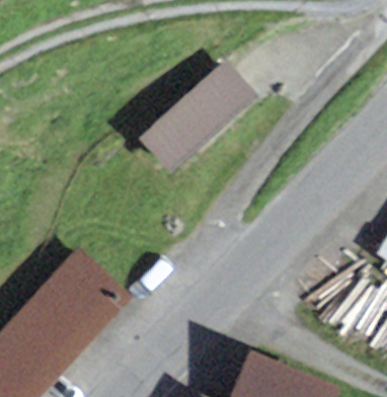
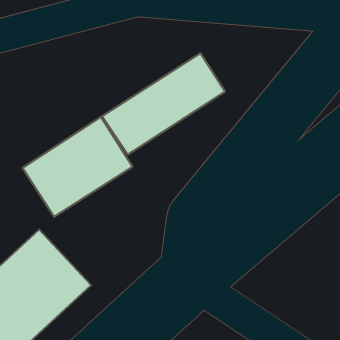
building: none -> [23,117,132,217]

